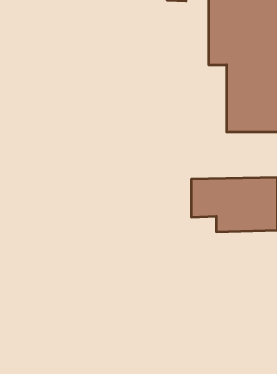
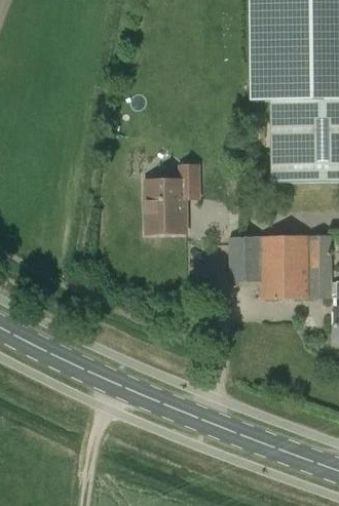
building: none -> [145,164,200,232]

